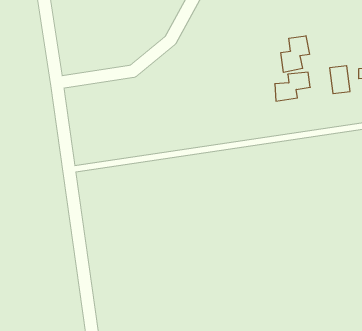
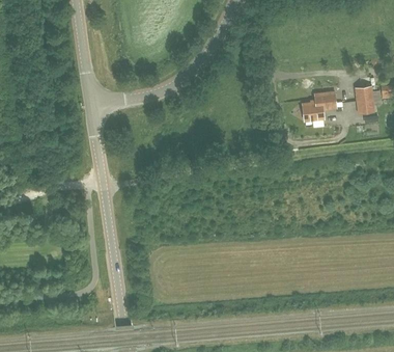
building: [281,36,309,72] -> none

